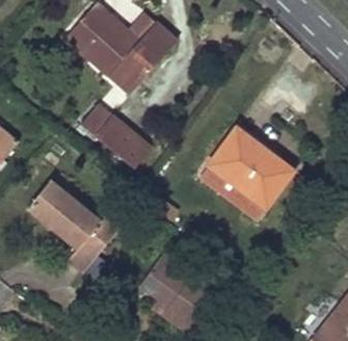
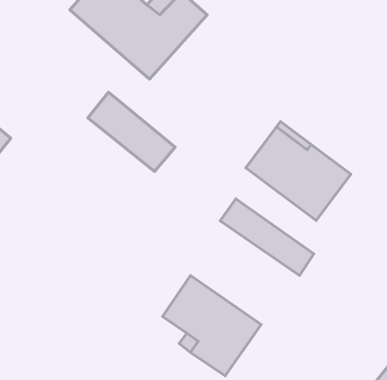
building: [26,179,118,272] -> none
building: none -> [220,199,314,276]

